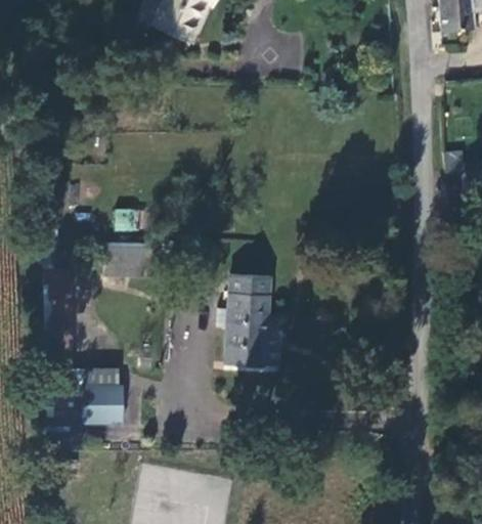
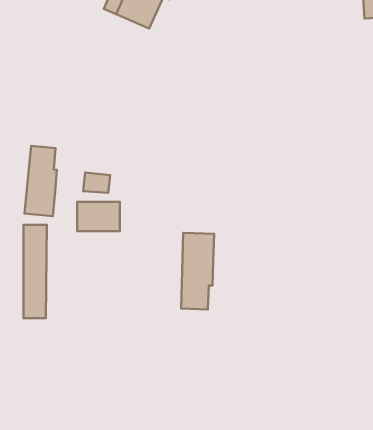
building: none -> [24,146,57,216]
building: [259,309,290,365] -> none
building: [82,364,116,425] -> none

